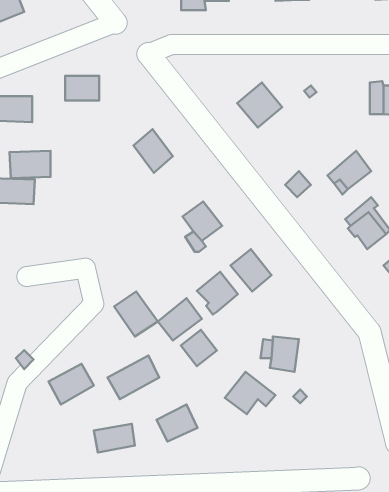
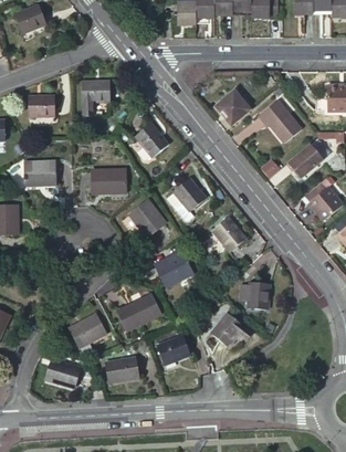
building: none -> [265,99,301,136]
building: [10,151,51,178] -> [93,168,126,190]
building: [197,272,238,314] -> none
building: [114,291,158,336] -> [129,199,165,235]
building: [181,330,217,366] -> none
building: none -> [46,360,78,385]

